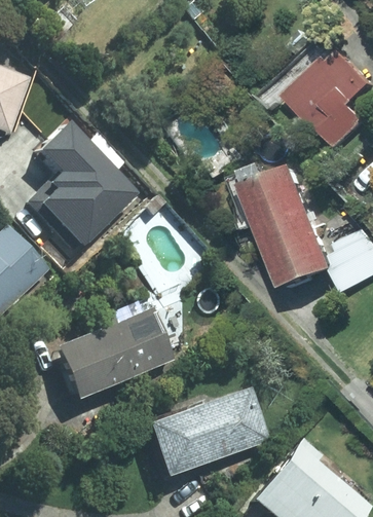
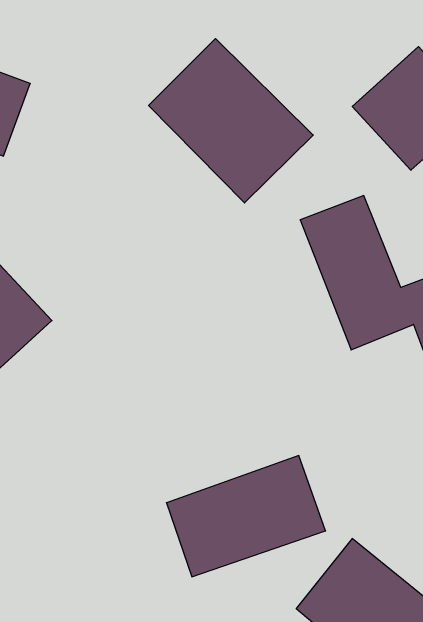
building: none -> [149,39,313,203]
building: [22,122,133,255] -> none
building: [45,304,167,402] -> none

